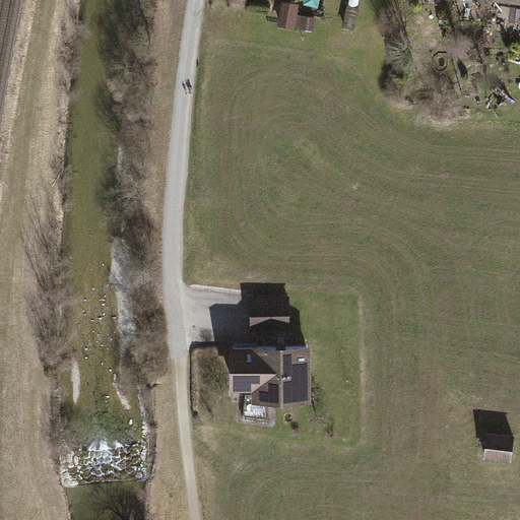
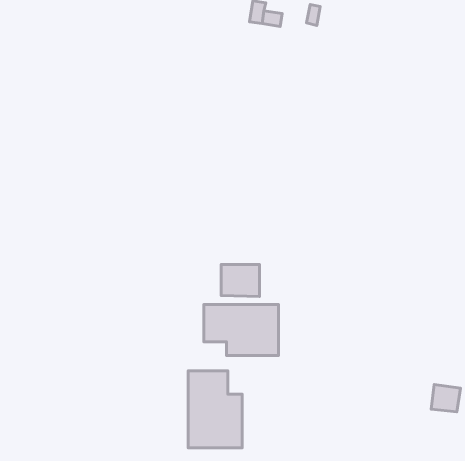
building: none -> [188,371,242,448]

